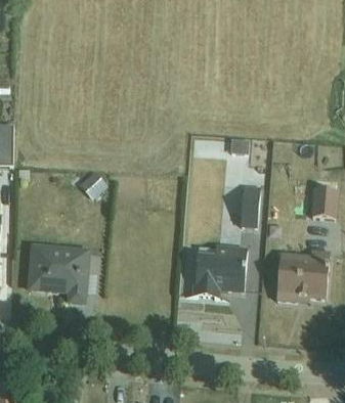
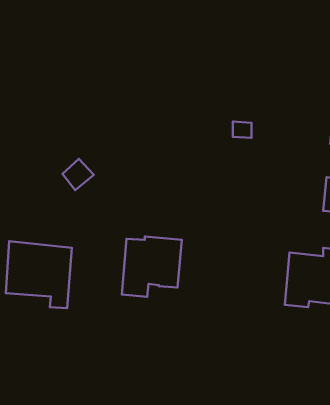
building: [239,185,259,229] -> none
building: [193,245,247,299] -> [122,236,182,297]

